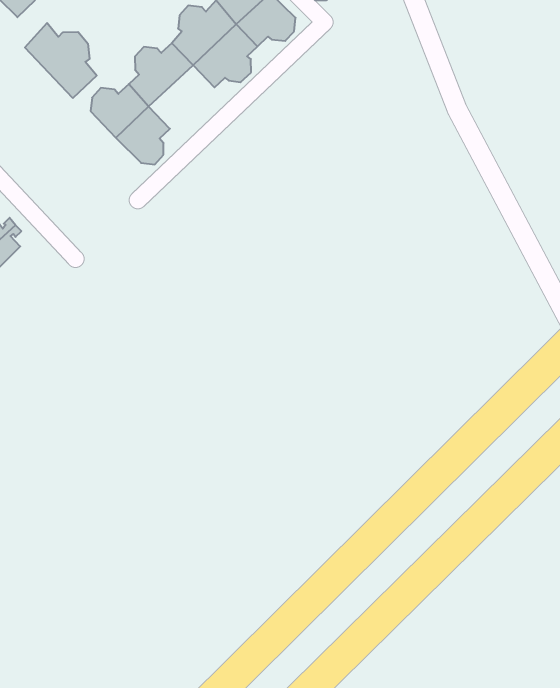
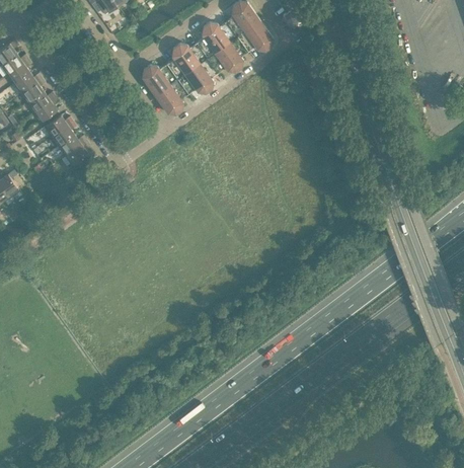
building: [25,23,97,98] -> none
building: none -> [177,59,219,95]

